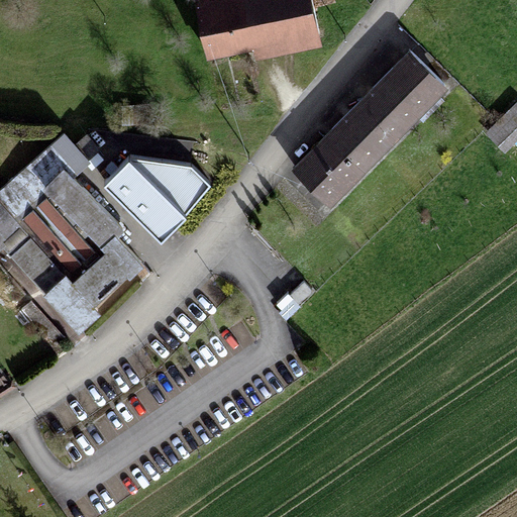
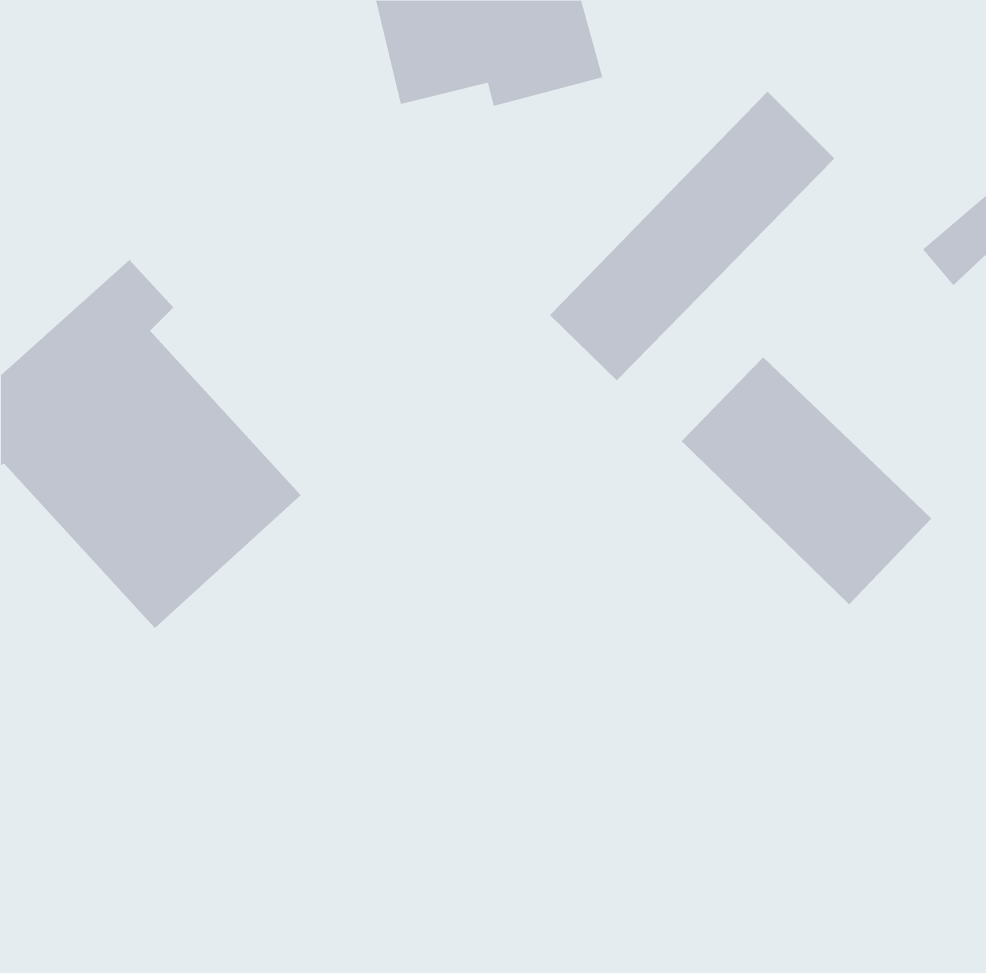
building: [104,149,211,232] -> none
building: none -> [681,356,932,605]

